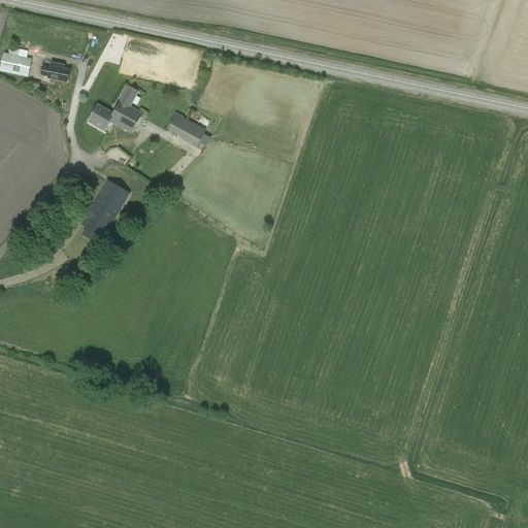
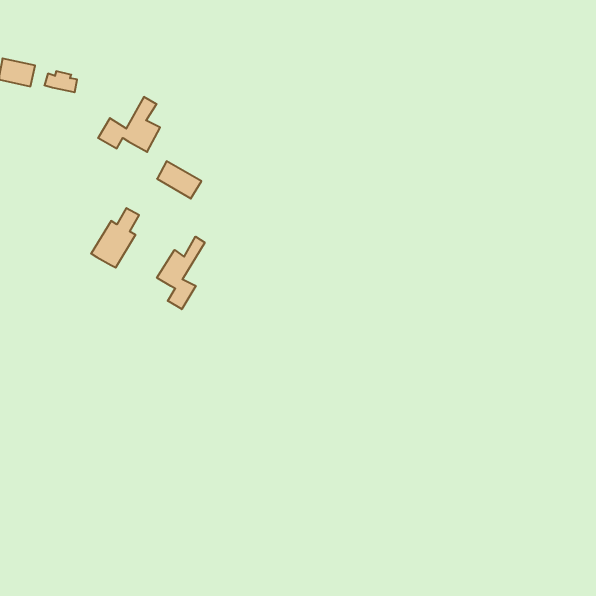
building: [166,112,205,145] -> [157,161,201,199]
building: none -> [157,237,205,309]

